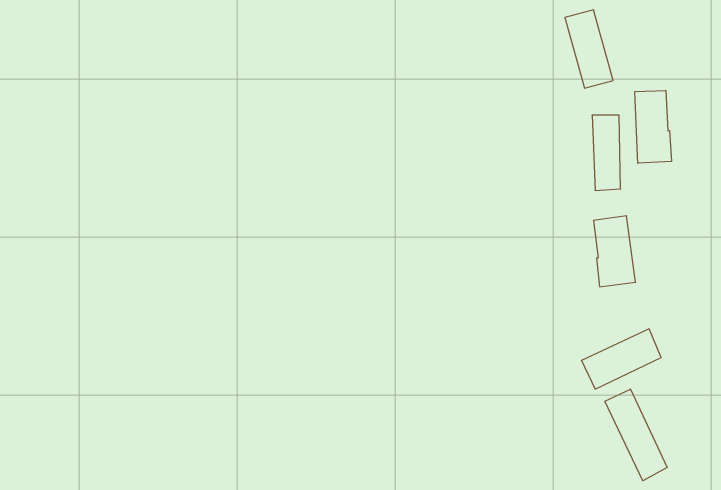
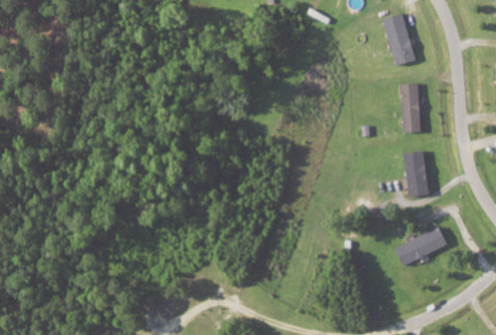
building: [635,90,671,163] -> none
building: [605,389,667,481] -> none

